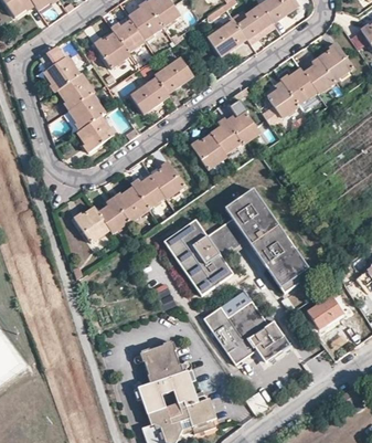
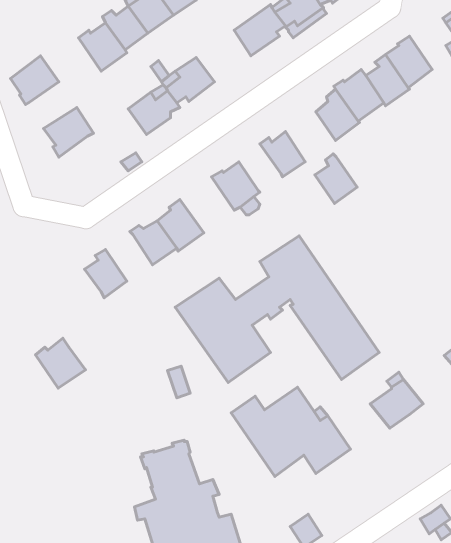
building: [56,74,94,109] -> none
building: [76,115,113,151] -> none
building: [210,118,241,155] -> [315,154,357,204]
building: [113,187,148,222] -> none
building: [73,205,109,242] -> [36,338,86,388]

